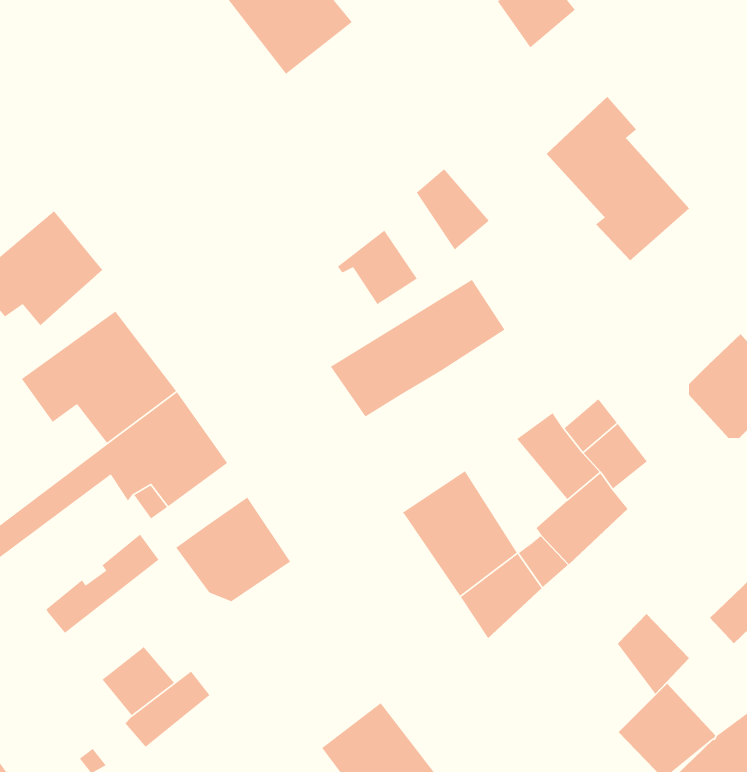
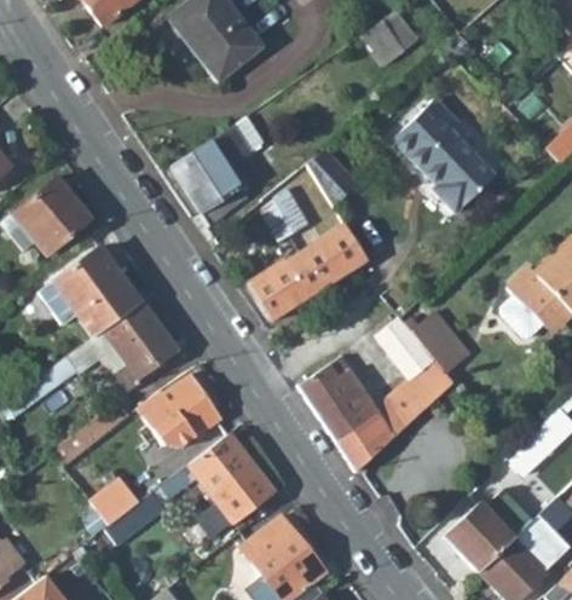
building: none -> [172,113,265,221]
building: none -> [161,432,273,538]
building: [617,613,690,695] -> none

